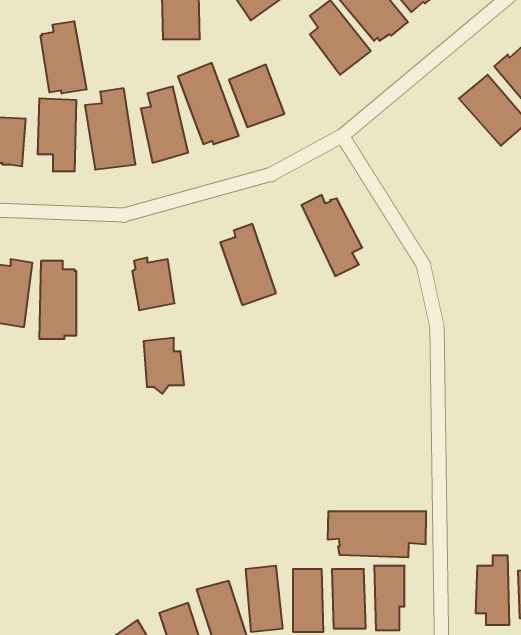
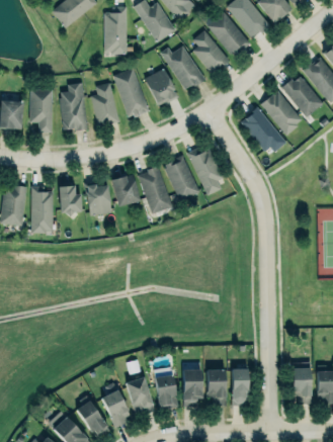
building: [41,21,87,94] -> none
building: none -> [160,46,204,92]
building: none -> [261,91,302,136]
building: none -> [241,106,286,152]
building: none -> [162,155,198,199]
building: none -> [110,175,140,206]
building: [143,338,184,394] -> [58,184,82,217]
building: [328,511,426,557] -> none

